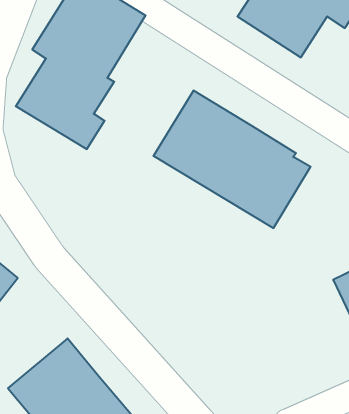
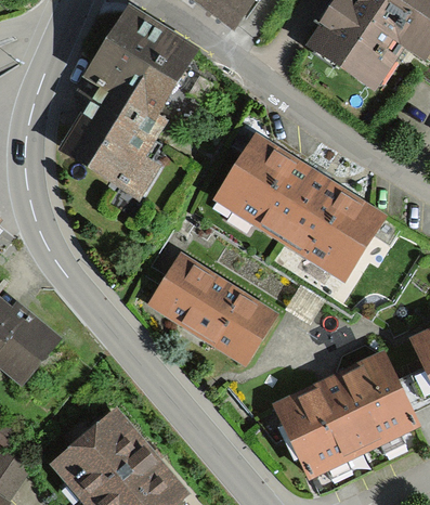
building: none -> [148,251,282,368]
building: none -> [273,352,418,480]

